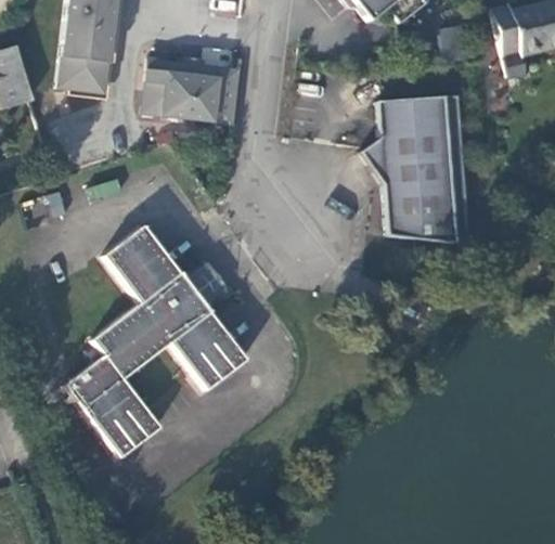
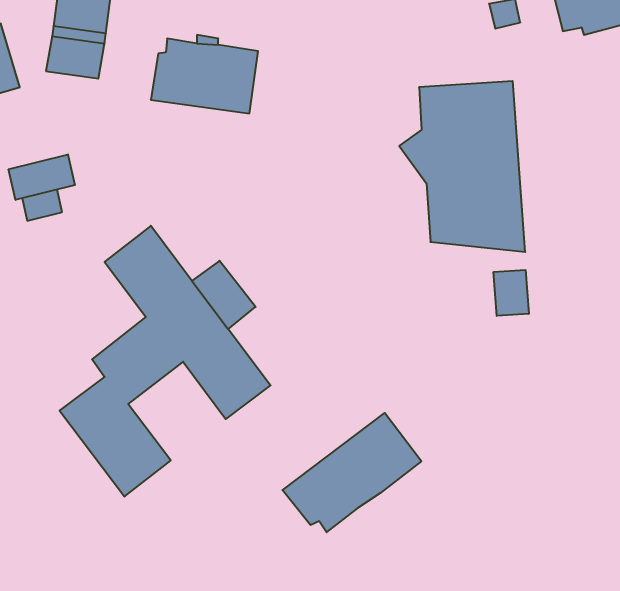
building: none -> [9,154,75,200]
building: none -> [494,270,529,316]
building: none -> [282,413,421,532]

